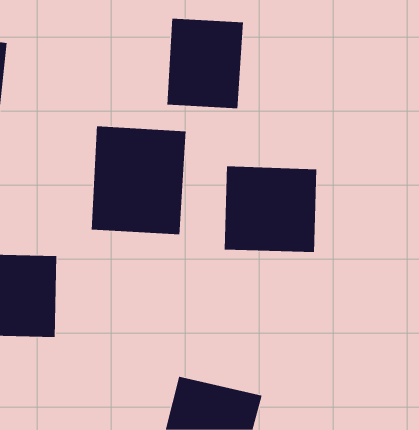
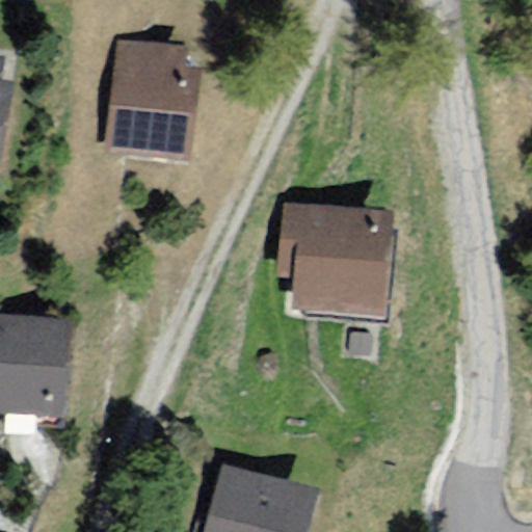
building: [166,18,244,109] -> [101,42,196,154]
building: [91,126,186,235] -> none

